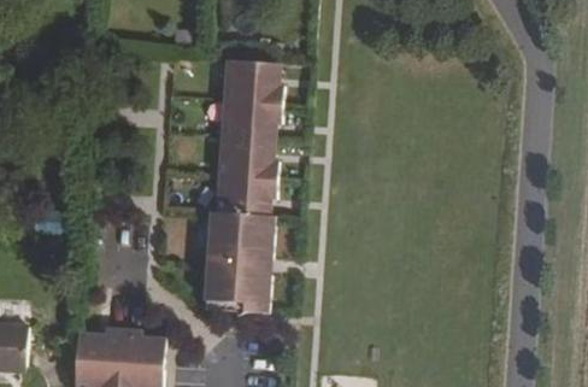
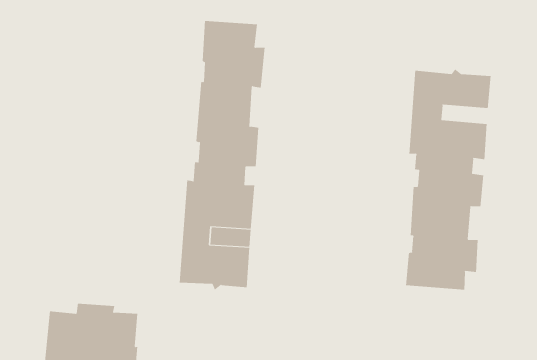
building: none -> [406,69,491,290]

